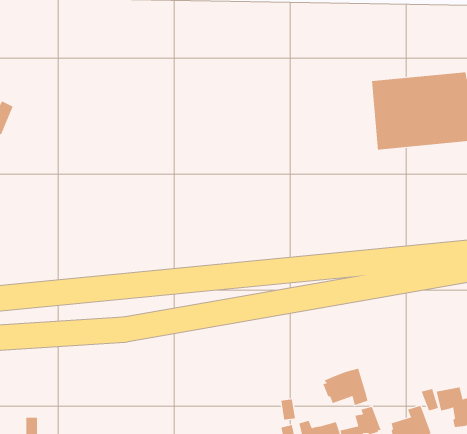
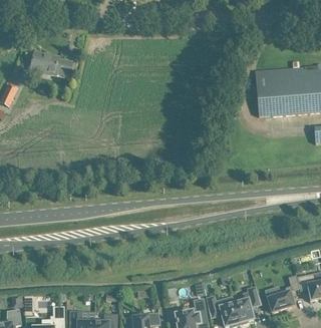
building: none -> [32,51,73,74]
building: [322,368,368,406] -> none

